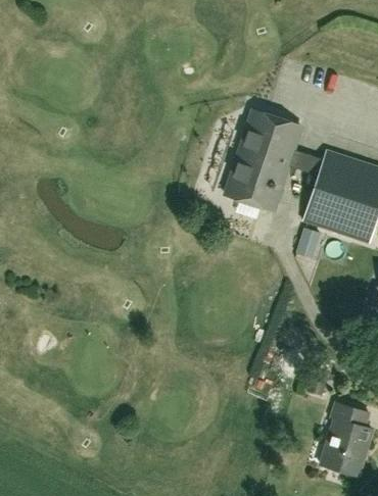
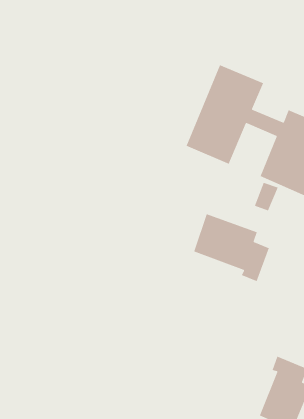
building: none -> [193,213,270,282]

